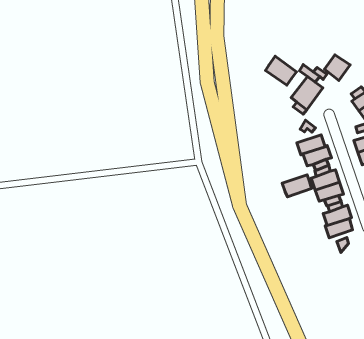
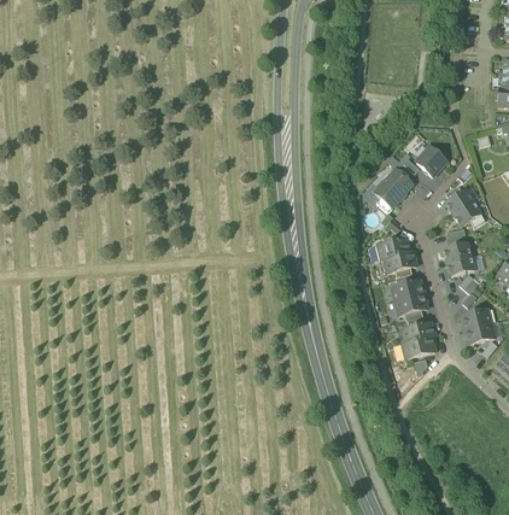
building: [266,56,296,85] -> none
building: [282,175,312,197] -> none

